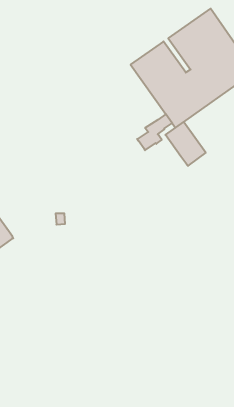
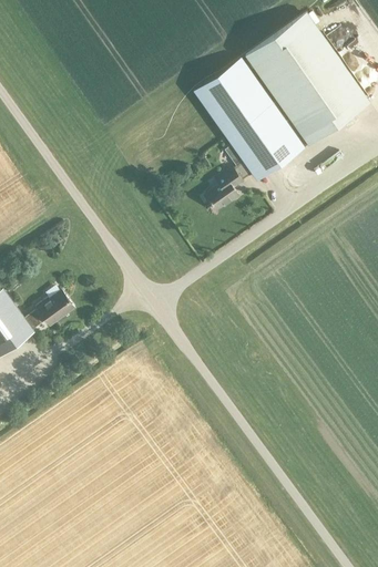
building: [165,122,206,166] -> none
building: none -> [23,291,73,330]

